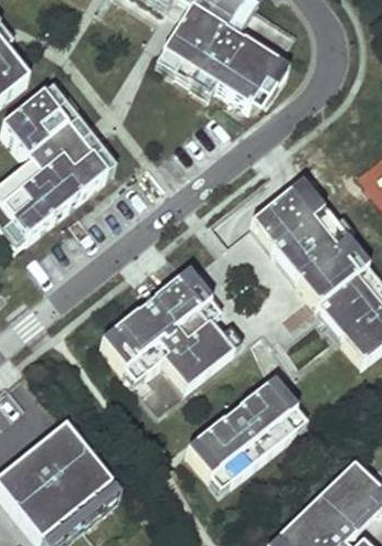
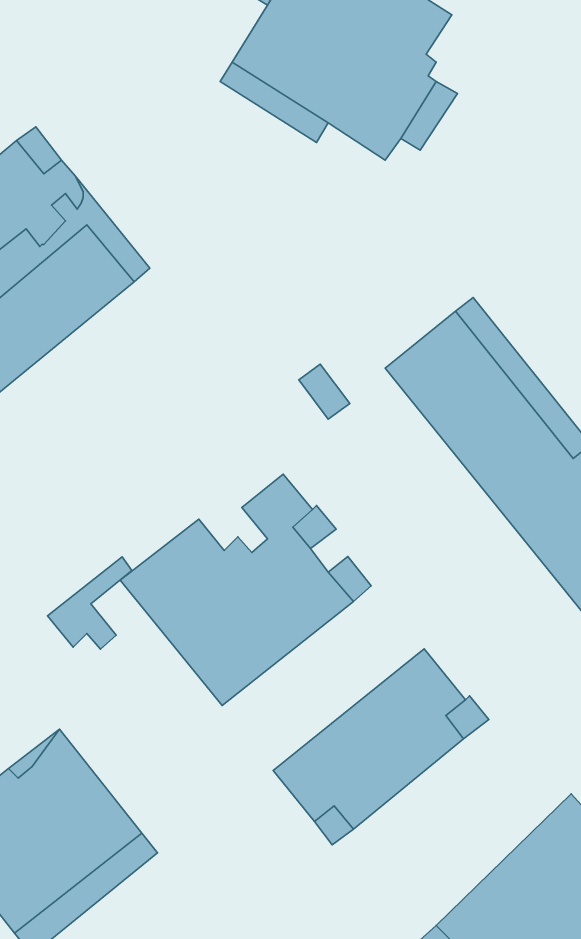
building: [145,270,192,322] -> [48,557,132,649]

